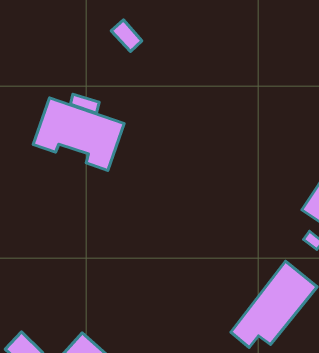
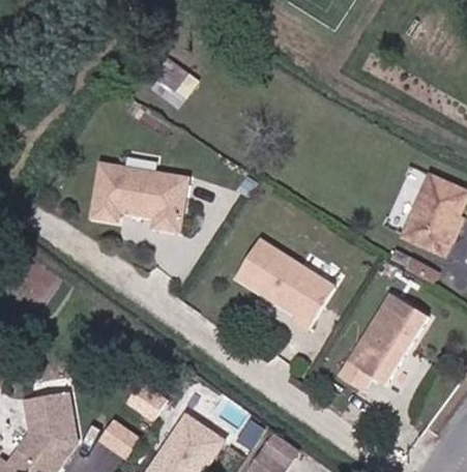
building: none -> [236,239,335,331]

